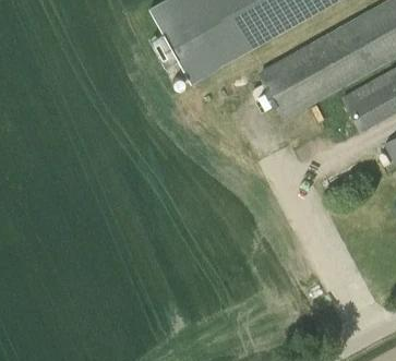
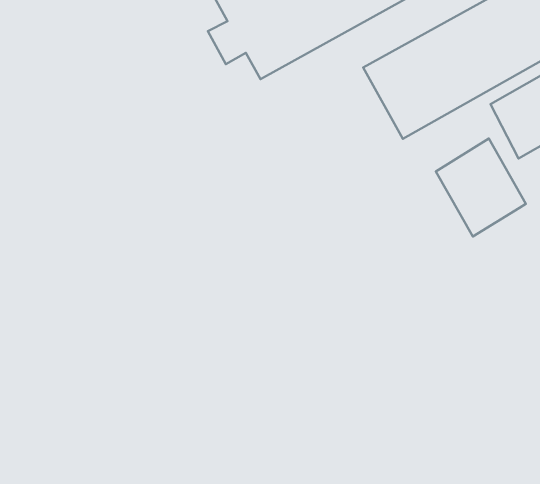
building: none -> [436,139,526,236]

